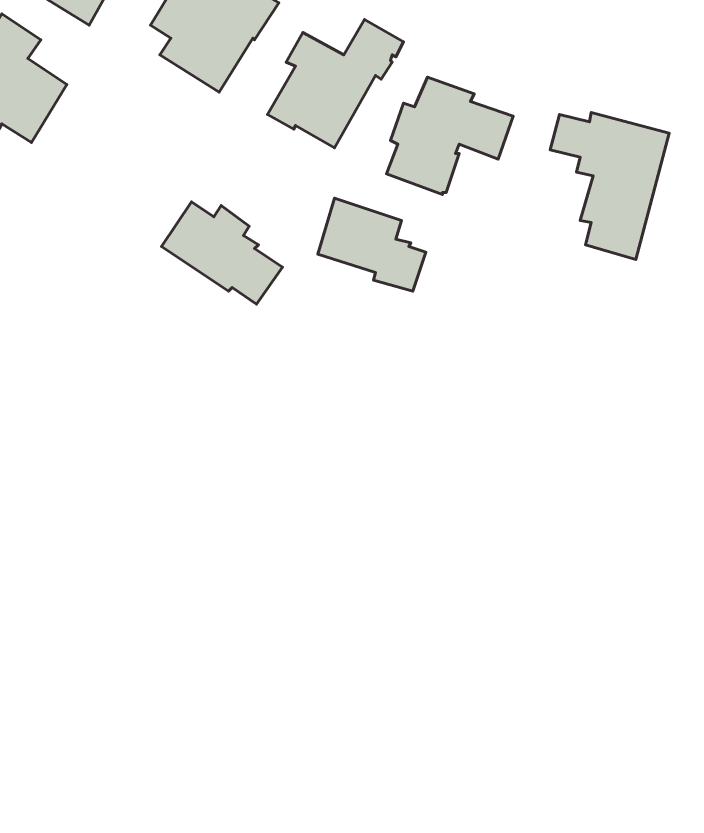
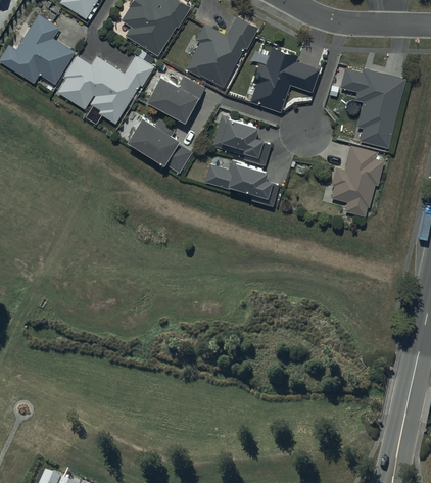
building: none -> [56,55,153,123]
building: none -> [145,76,203,122]
building: none -> [330,145,384,215]
building: none -> [203,155,278,206]

